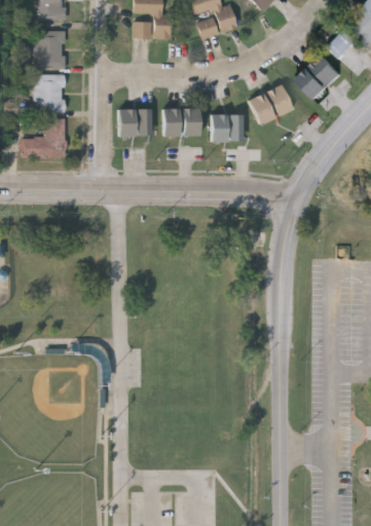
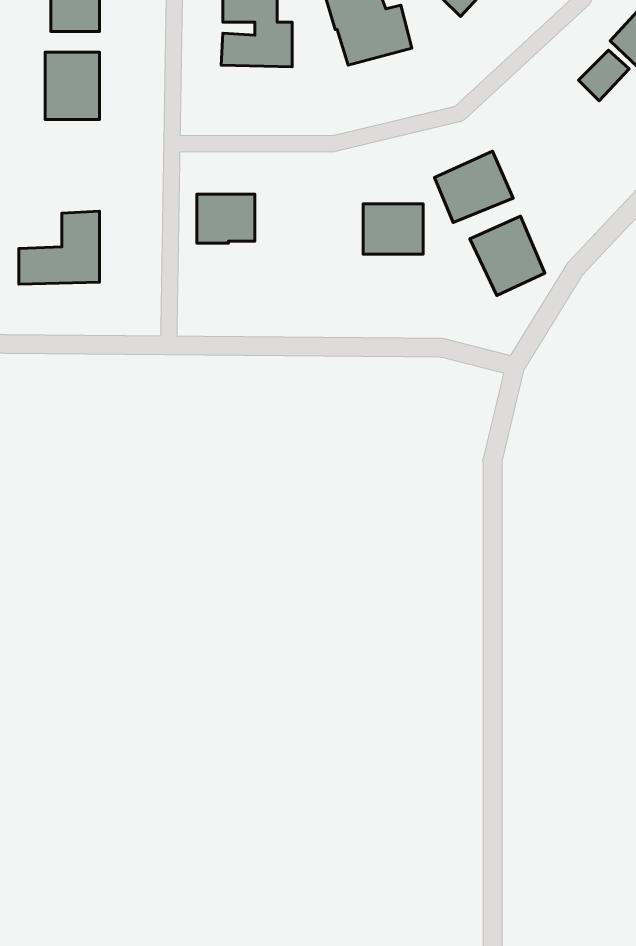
building: [296,53,341,99] -> none
building: [35,75,65,112] -> none
building: [162,108,198,136] -> none
building: none -> [470,216,545,296]

